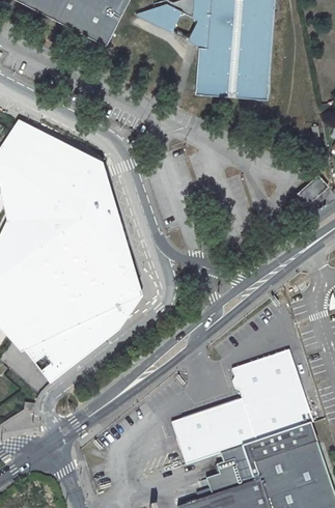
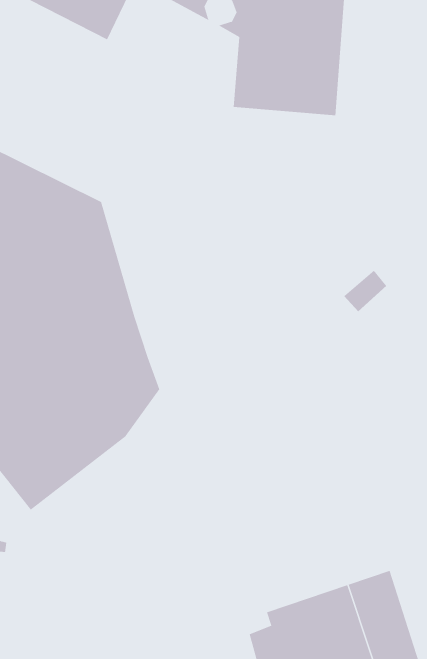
building: [297,175,328,205] -> [344,270,387,312]
building: [172,349,312,464] -> none

